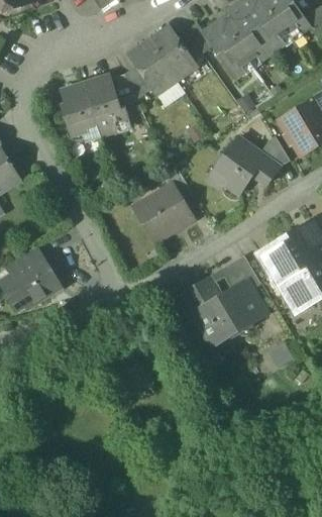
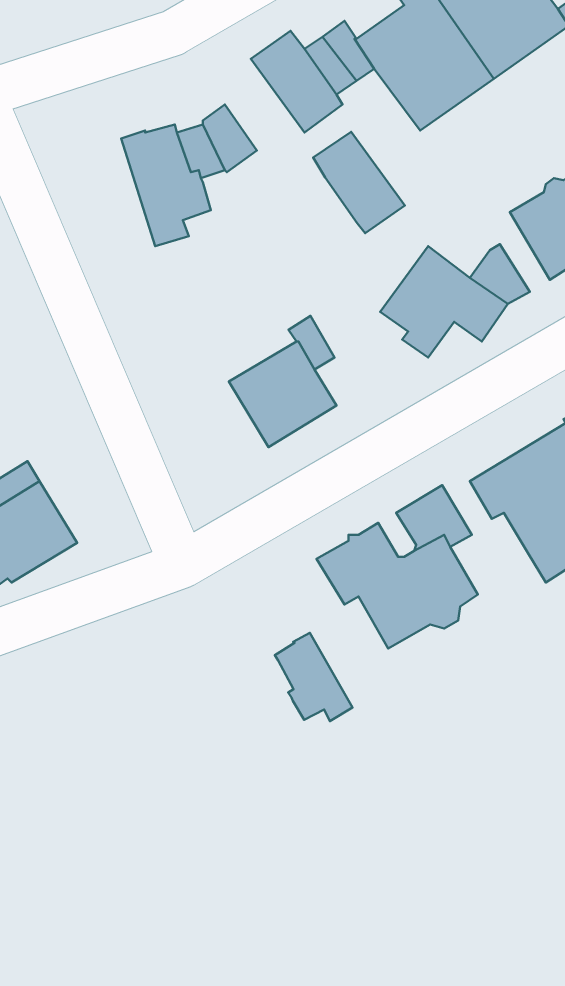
building: [129,41,176,93] -> [313,132,405,233]
building: [61,82,100,141] -> none
building: none -> [275,633,353,721]

